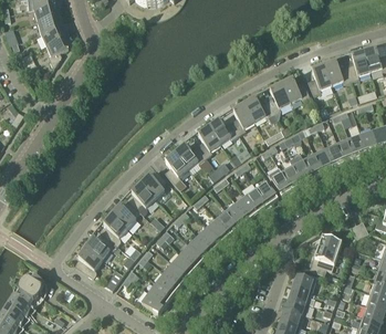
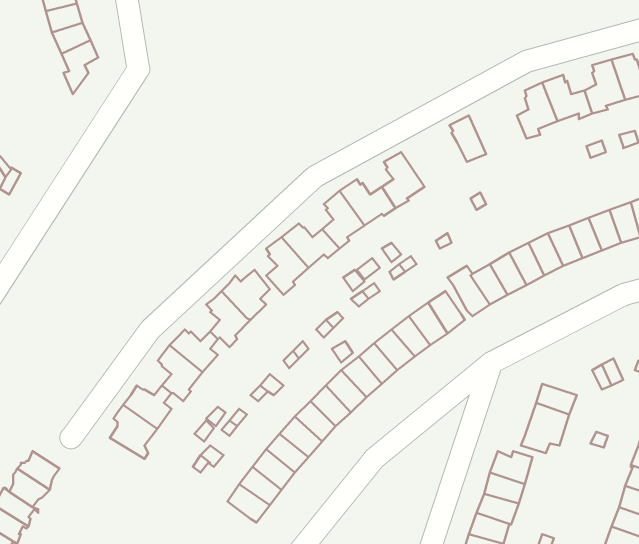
building: [280,76,310,103] -> none
building: [241,95,277,123] -> none

